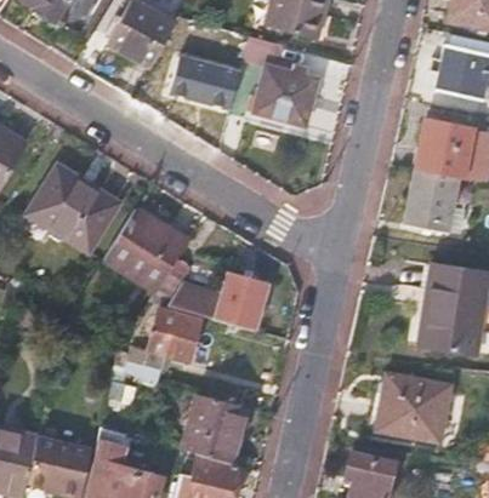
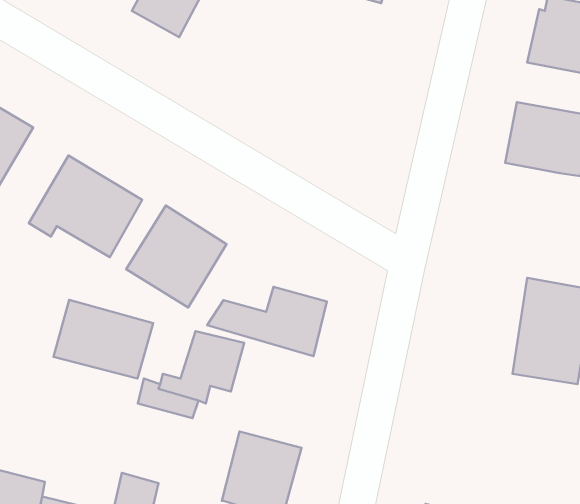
building: [171,53,241,110] -> none
building: [255,63,317,124] -> none
building: [406,171,466,231] -> none
building: none -> [54,300,153,378]
building: [381,376,449,440] -> none

